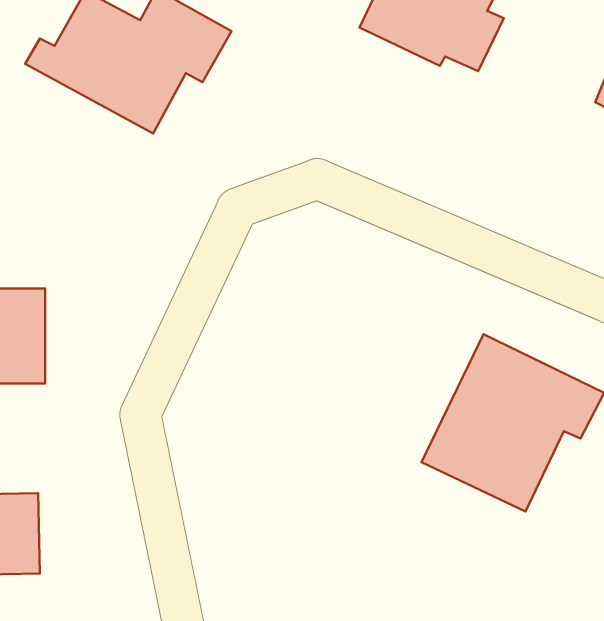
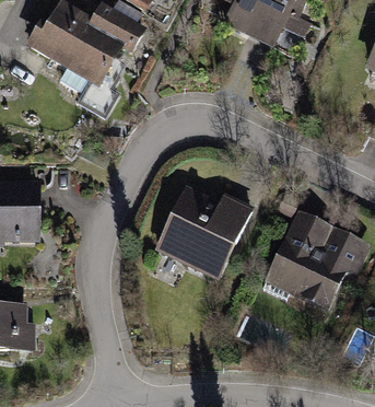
building: none -> [154,186,254,279]

